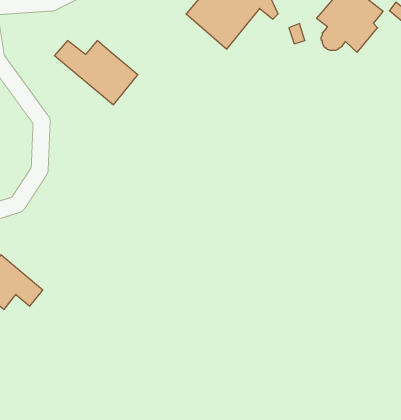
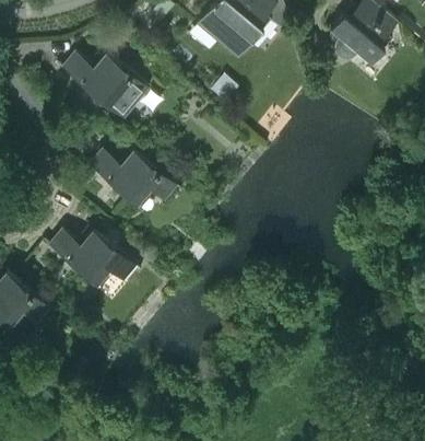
building: none -> [90,148,178,205]
building: none -> [49,229,138,285]

